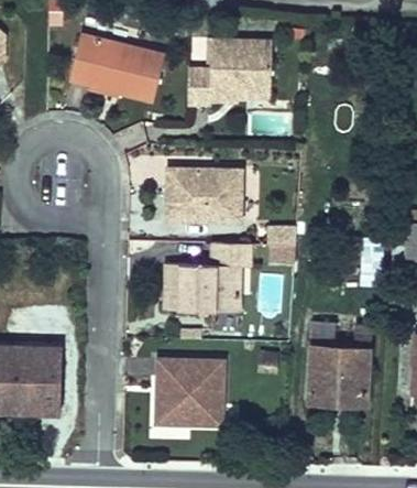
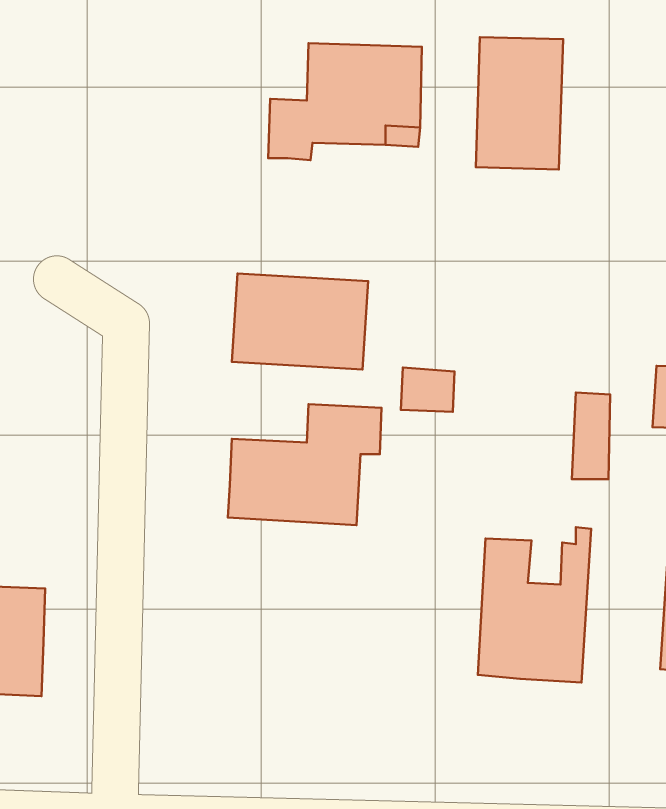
building: [70,33,163,101] -> none
building: none -> [476,37,563,169]
building: [154,365,219,430] -> none

